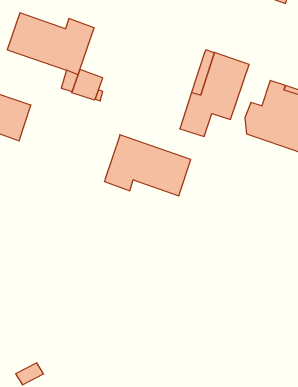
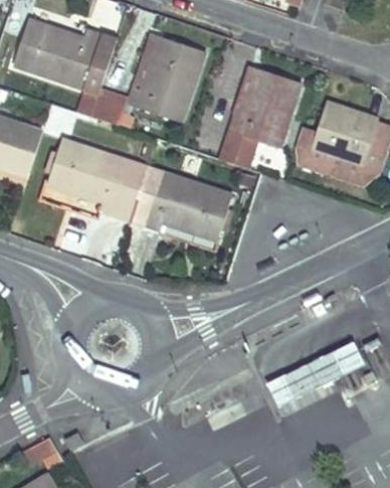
building: none -> [127,33,204,122]
building: none -> [47,137,147,217]
building: none -> [278,349,347,399]

